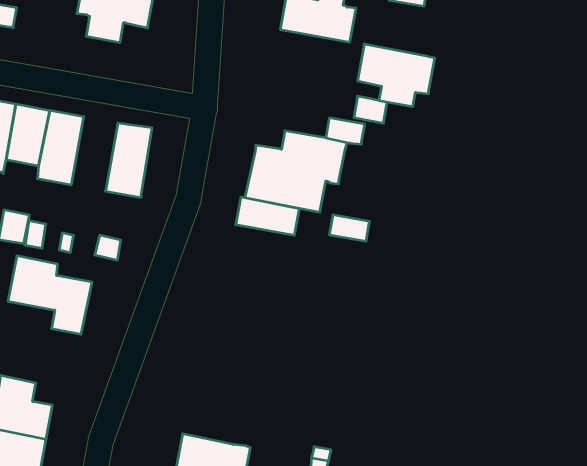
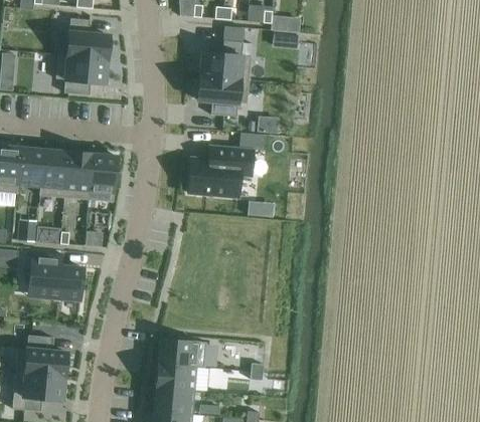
building: [358,44,435,107] -> [195,75,248,116]
building: none -> [64,149,93,199]
building: [236,197,299,235] -> none
building: none -> [159,338,206,367]

